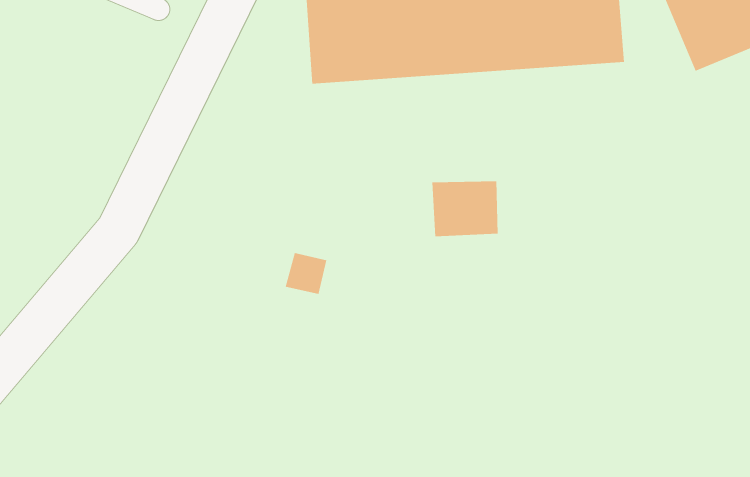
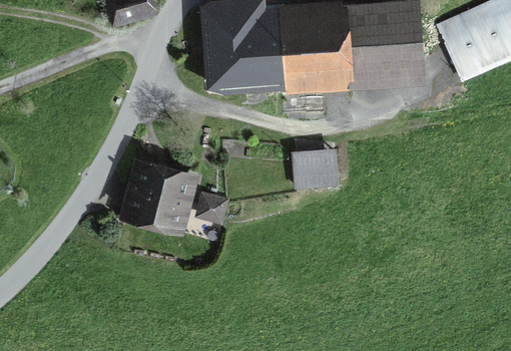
building: none -> [124,164,191,234]

